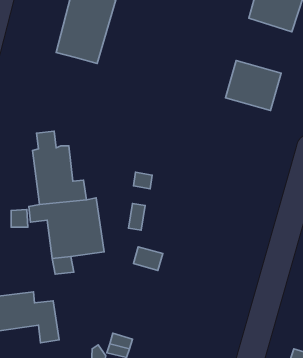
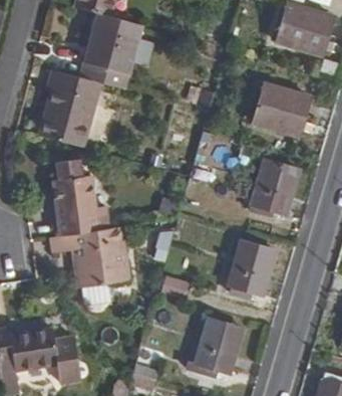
building: none -> [40,69,98,144]
building: none -> [249,160,298,214]
building: none -> [226,241,274,294]
building: none -> [193,319,241,374]

